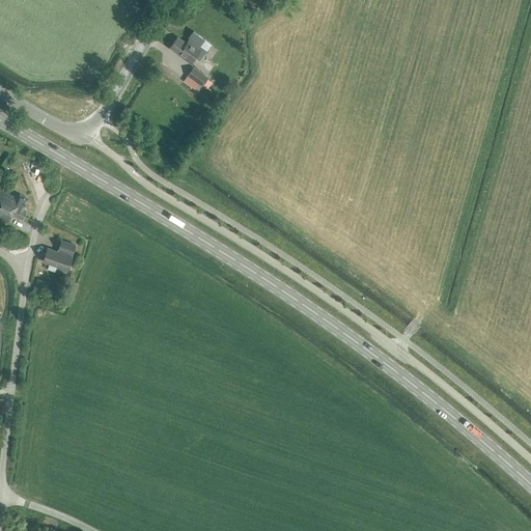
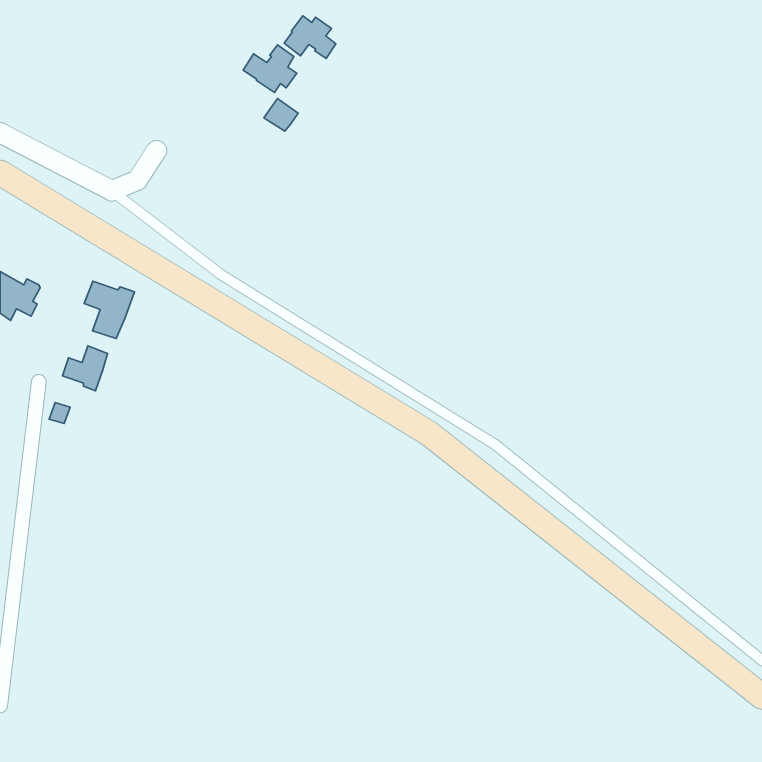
building: none -> [284,16,336,58]
building: none -> [84,281,134,338]

